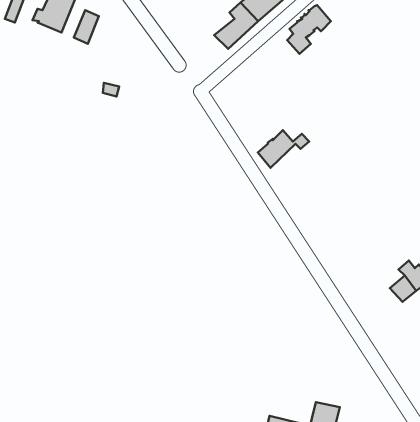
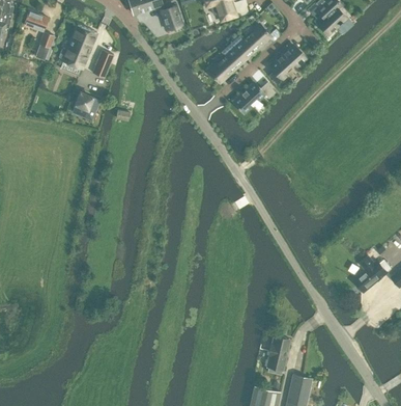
building: none -> [71,92,99,117]
building: [258,130,309,168] -> [233,83,276,114]
building: none -> [266,335,290,375]

